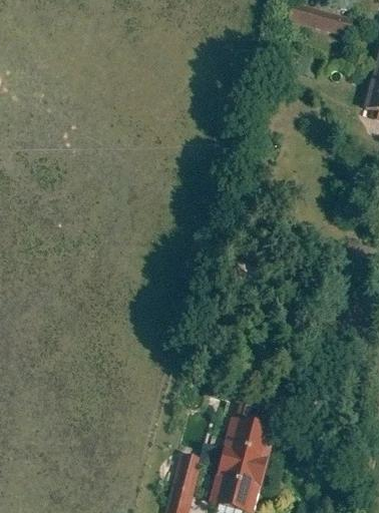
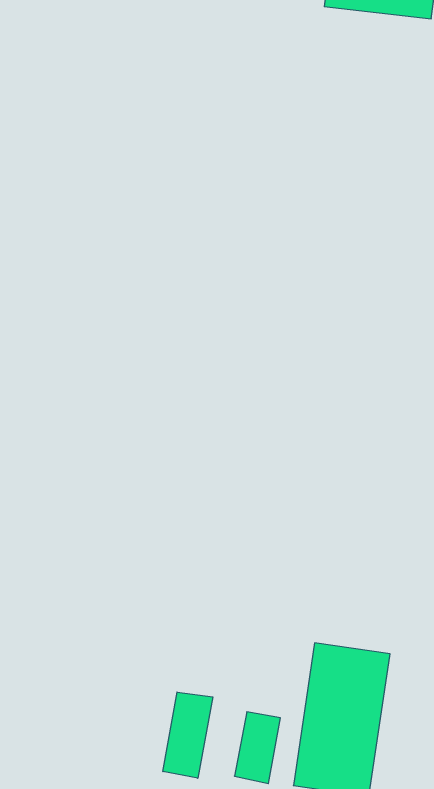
building: none -> [163,692,213,778]

